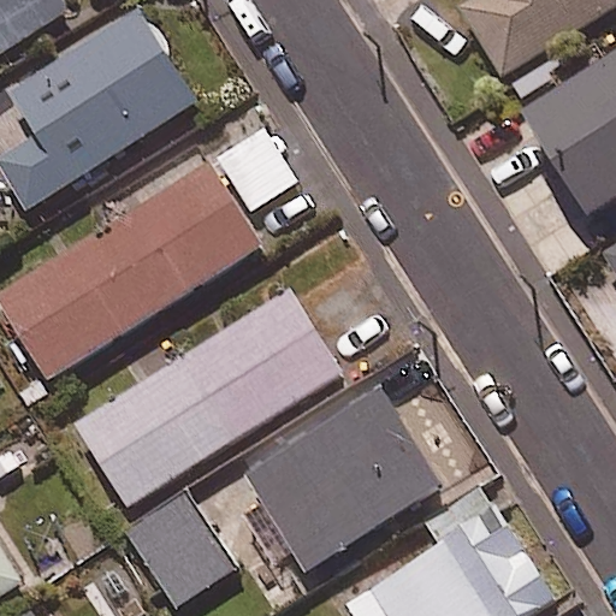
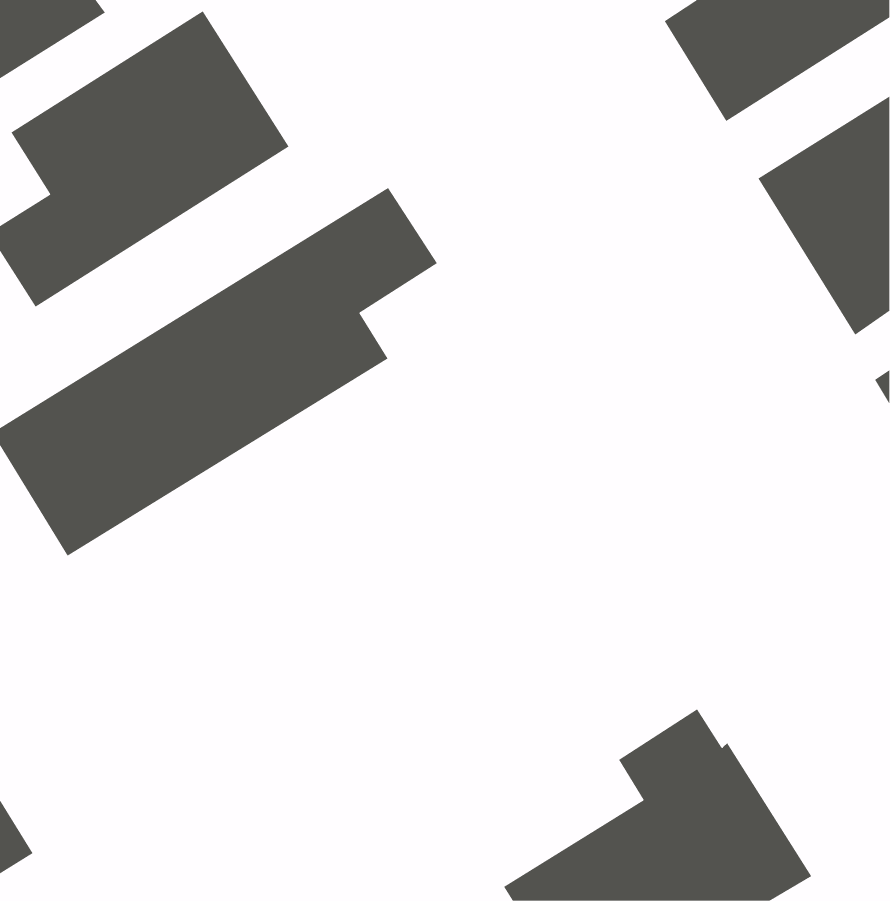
building: [73,288,344,508] -> none
building: [244,387,445,573] -> none
building: [123,492,232,606] -> none

